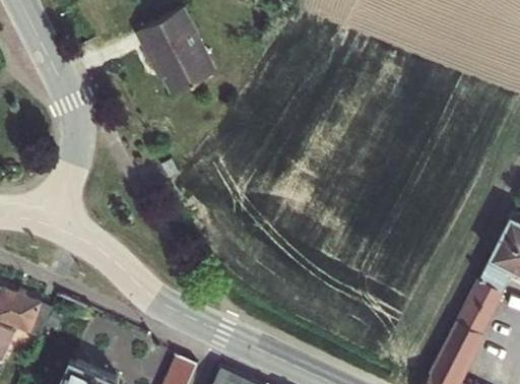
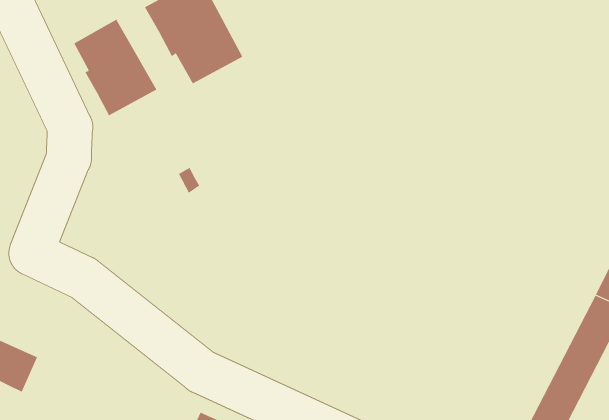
building: none -> [74,19,157,116]

